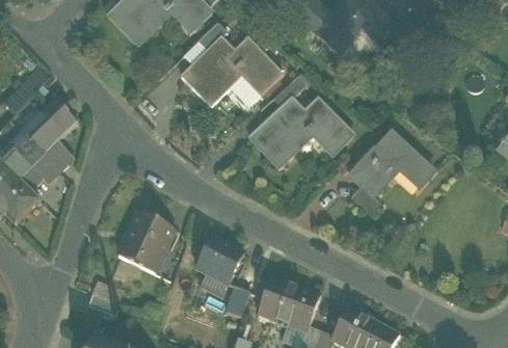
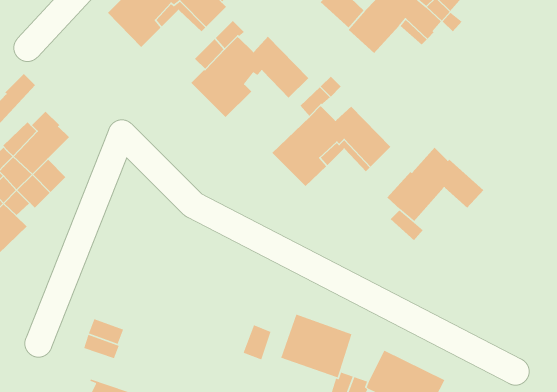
building: [121,212,175,272] -> none
building: [196,236,244,284] -> none

